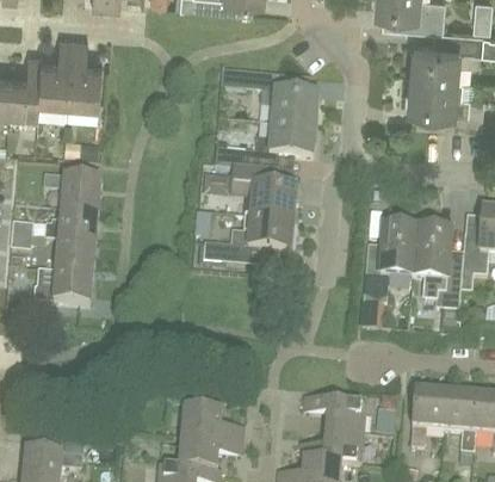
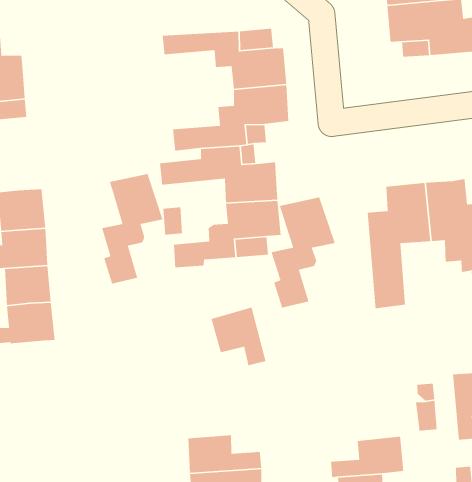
building: none -> [101,173,163,285]
building: none -> [271,197,336,309]
building: none -> [210,307,267,366]
building: [303,395,365,431] -> none

